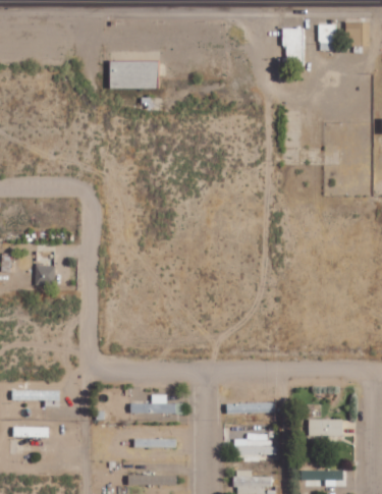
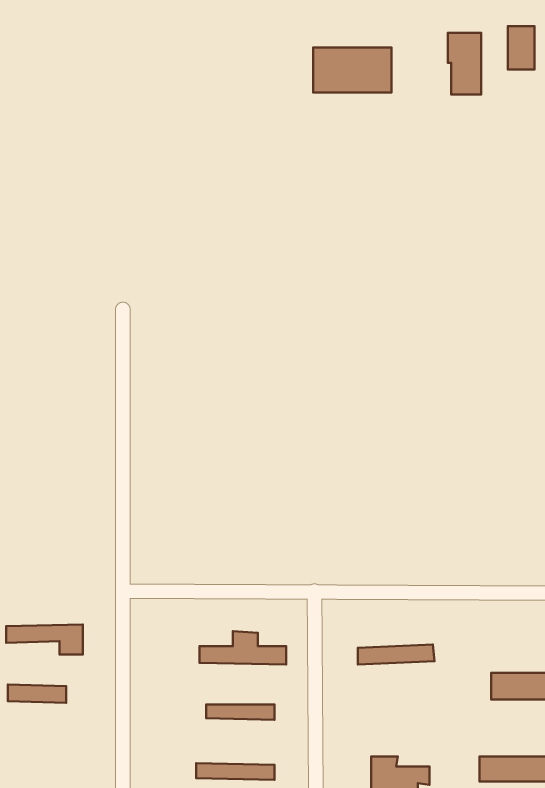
building: [110,61,158,89] -> [313,48,391,93]
building: [35,266,55,285] -> none
building: [234,440,274,456] -> none

